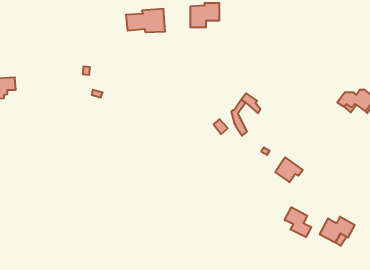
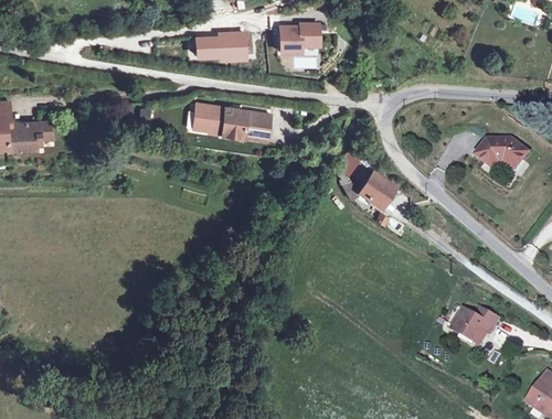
building: none -> [194,103,270,139]
building: [275,157,303,182] -> [359,171,395,204]
building: [285,207,311,237] -> none

